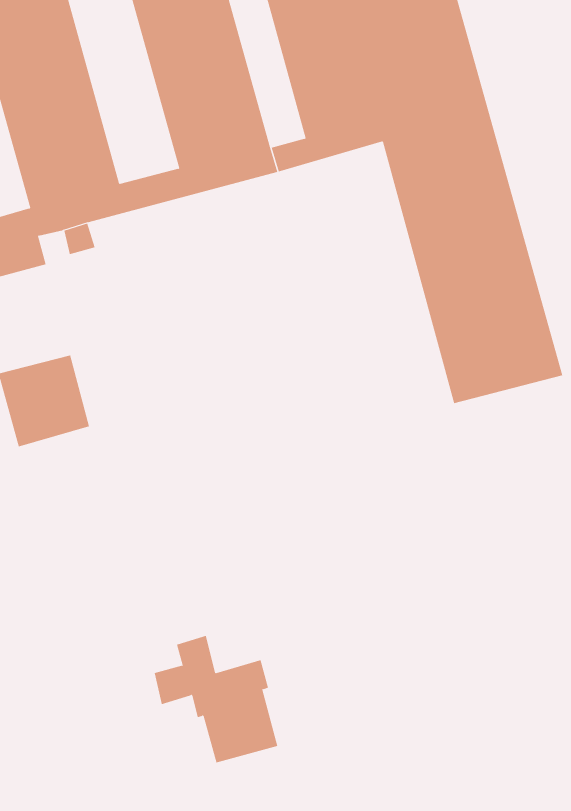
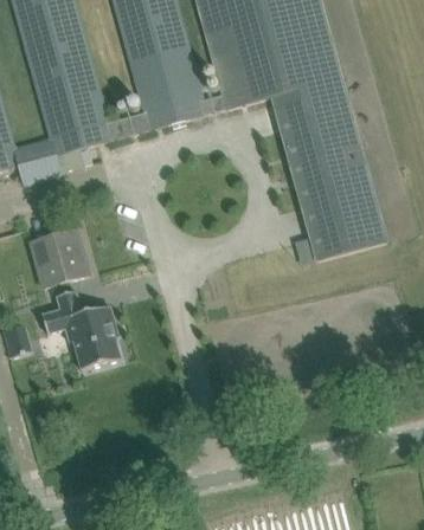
building: [154,635,278,763] -> [40,295,118,375]

